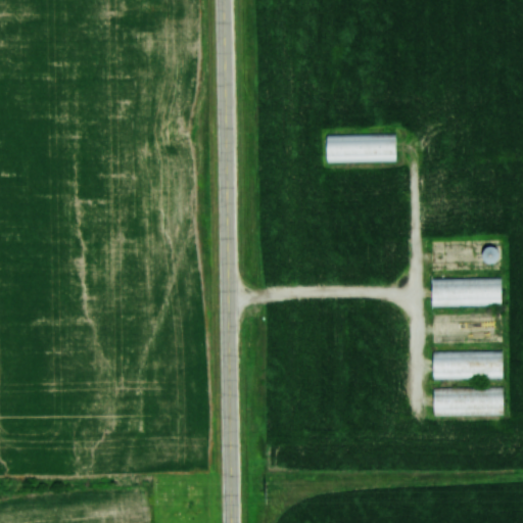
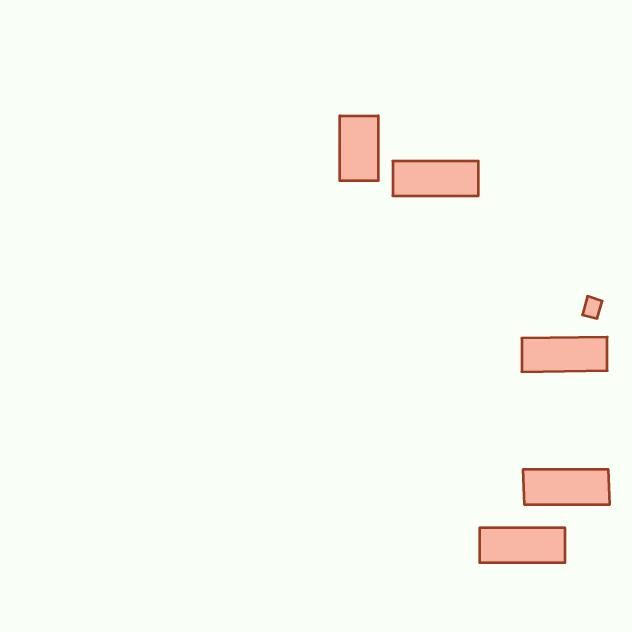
building: none -> [340,116,378,181]
building: [432,351,503,380] -> [480,528,565,563]

